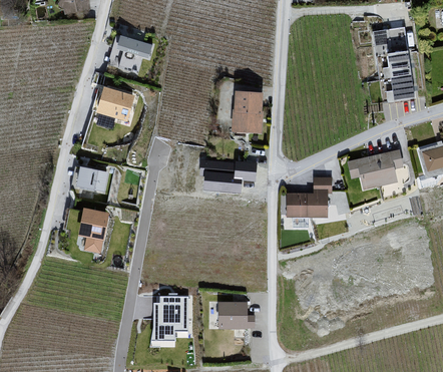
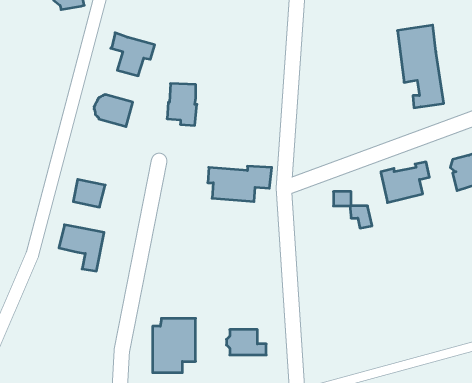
building: [235,92,262,130] -> [167,84,197,125]
building: [290,194,331,215] -> none

